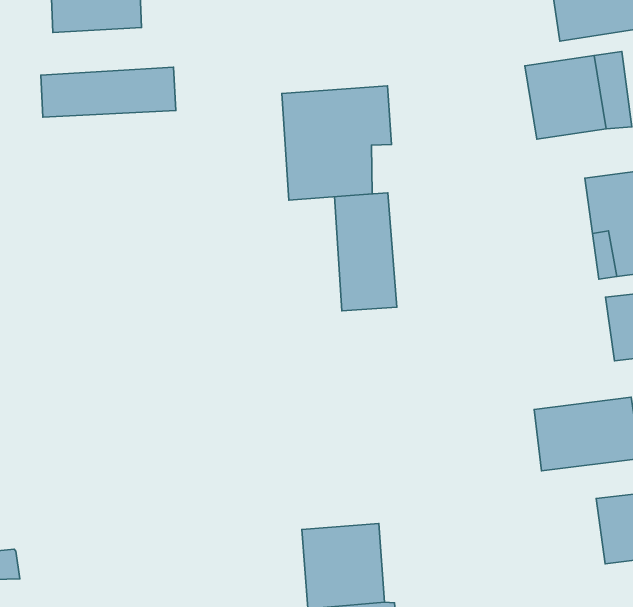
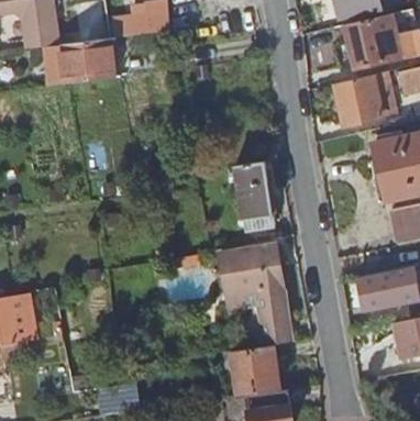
building: [41,67,176,117] -> none
building: [282,86,391,200] -> none
building: none -> [217,244,290,346]

